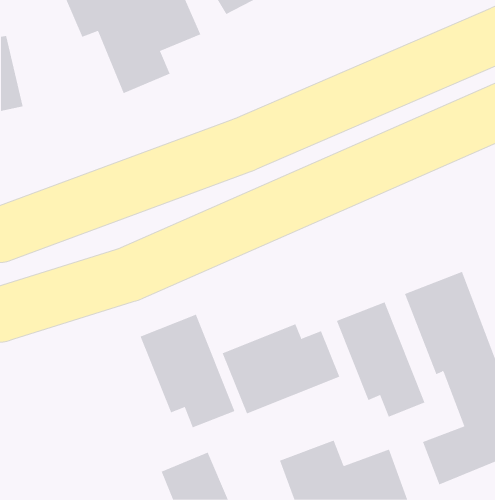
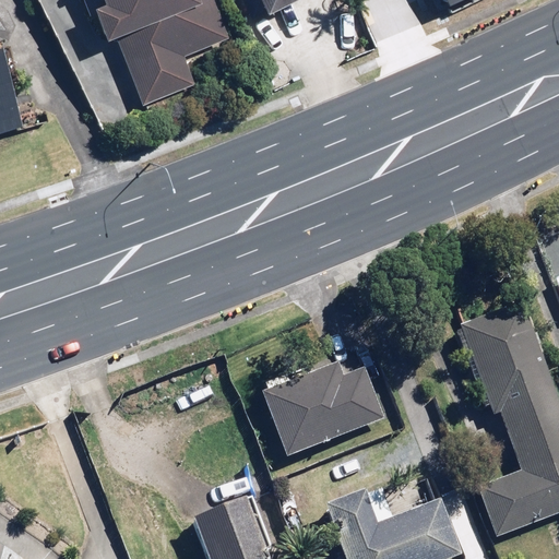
building: [336,301,425,417] -> none
building: [140,314,235,428] -> none

